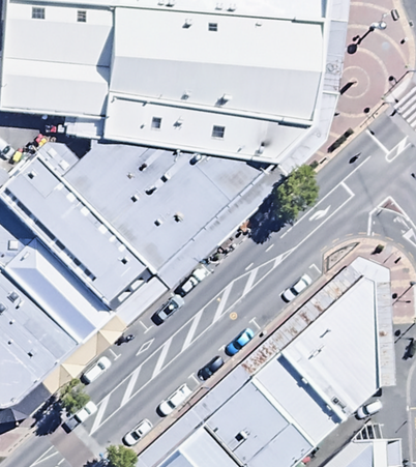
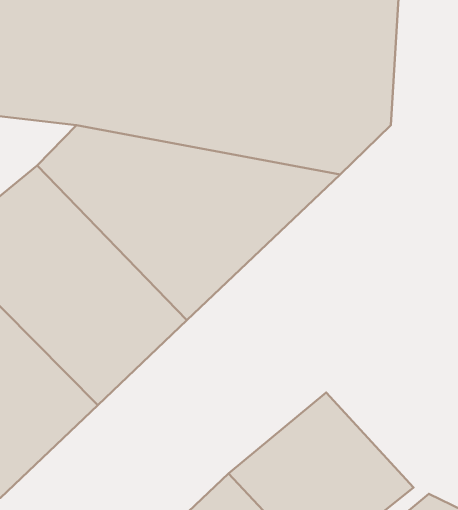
building: [275,267,378,419] -> none

